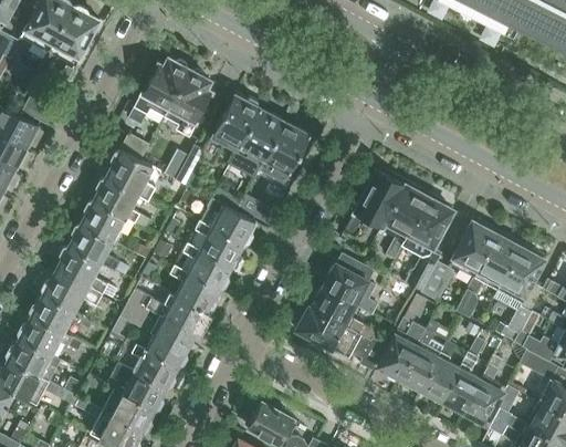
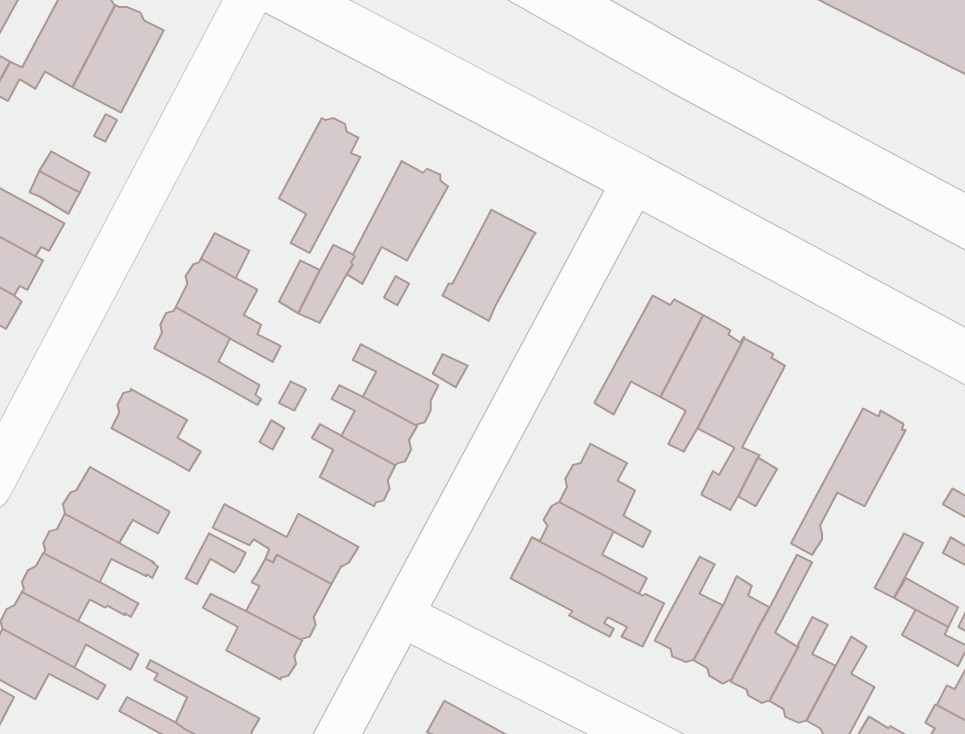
building: [129,59,189,124] -> none
building: [237,108,285,164] -> none
building: [81,200,140,253] -> none
building: [449,221,496,278] -> none
building: [57,246,112,297] -> none
building: [497,246,545,303] -> none
building: [171,267,219,313] -> none
building: [105,362,166,410] -> none

